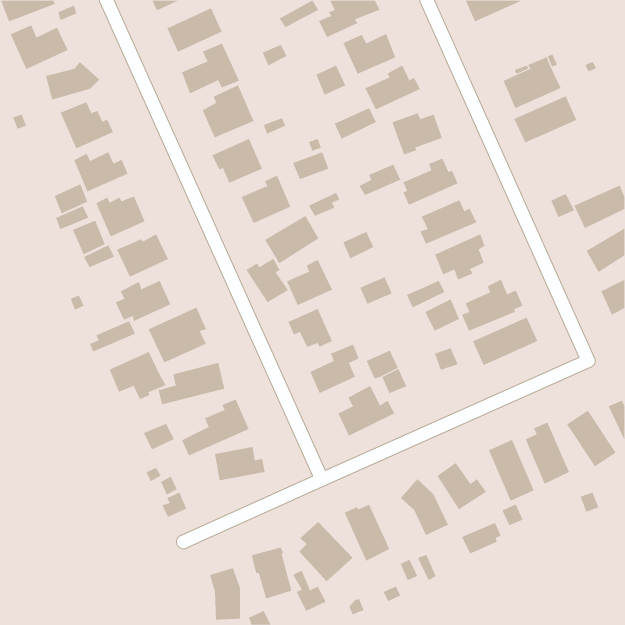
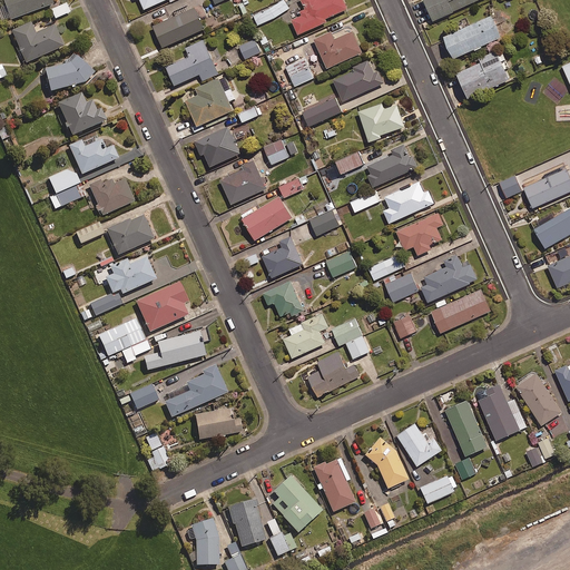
building: [514,96,577,143] -> [444,16,502,59]
building: [72,220,106,255] -> none
building: [245,258,289,303] -> none

